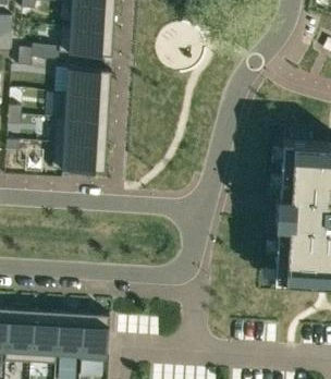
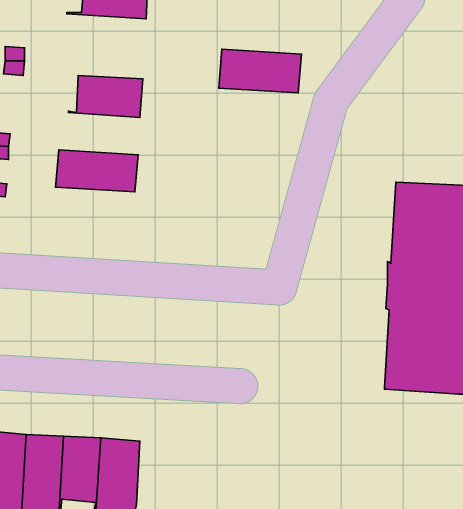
building: [58,27,113,57] -> [219,49,301,93]
building: [54,94,109,122] -> none
building: [51,144,106,176] -> none

